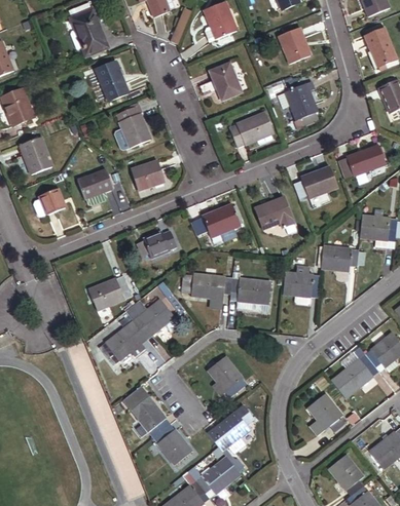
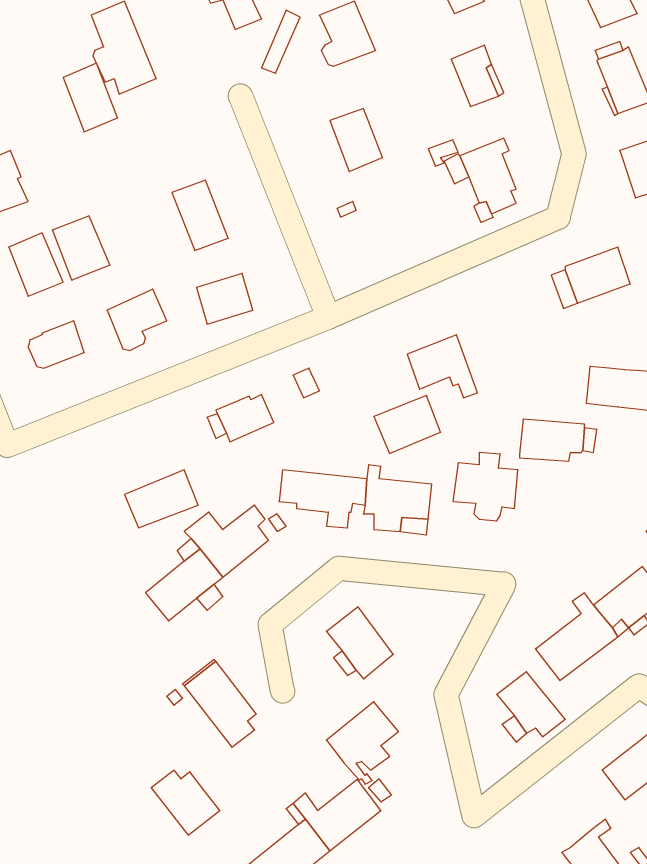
building: [96,61,128,101] -> [63,63,118,132]
building: [228,112,272,147] -> none
building: none -> [52,216,110,280]
building: [293,165,337,200] -> none
building: [201,203,240,237] -> [374,395,441,453]
building: [151,427,191,465] -> [151,770,220,835]
building: [327,455,362,496] -> none

